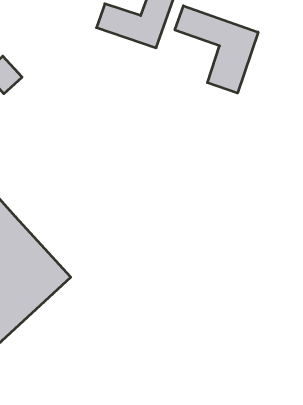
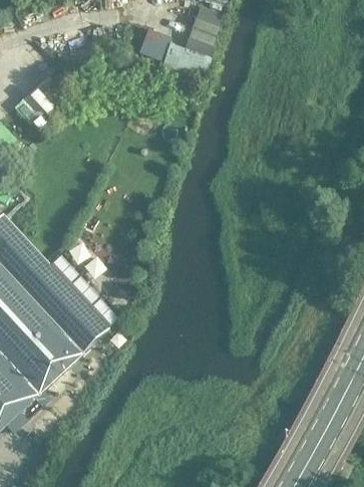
building: [175,6,258,93] -> none

